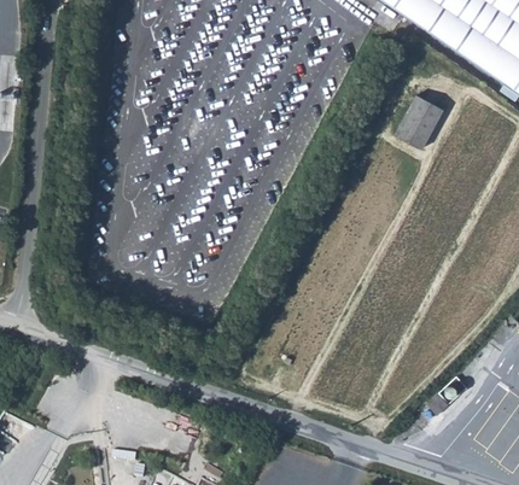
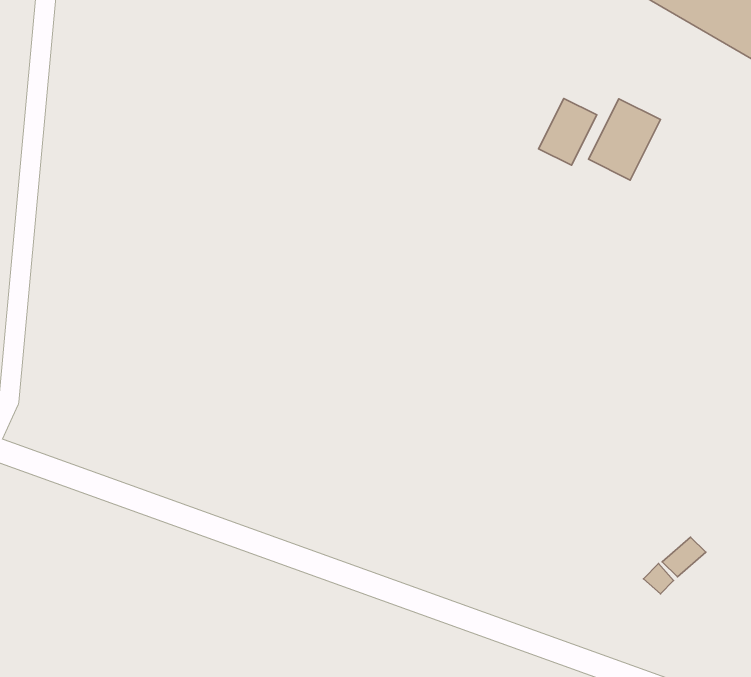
building: none -> [539,98,597,165]

